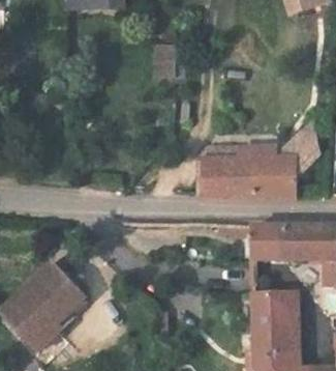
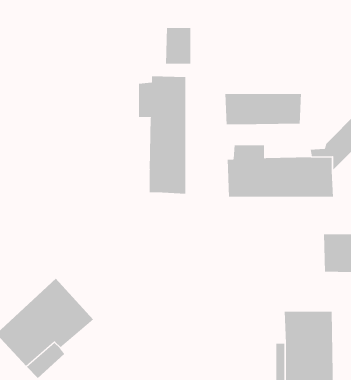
building: none -> [138,75,186,195]
building: none -> [225,93,302,125]
building: [227,225,288,260] -> none

